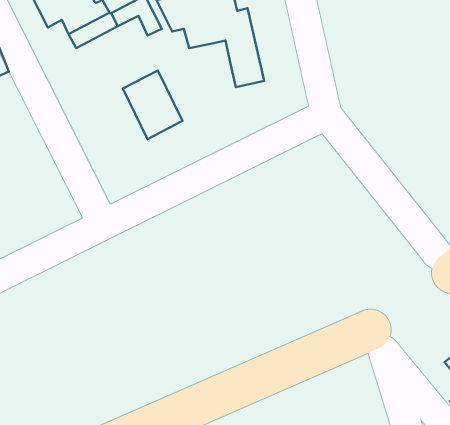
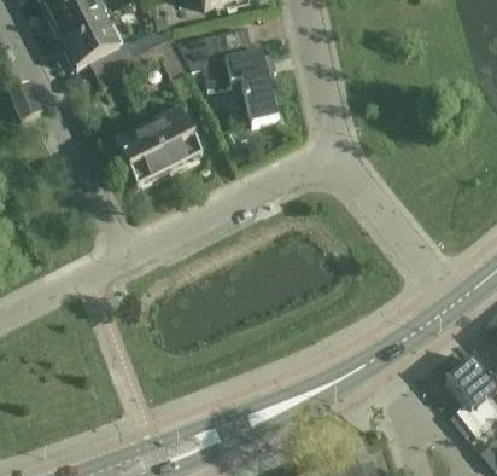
building: none -> [113,124,169,187]

